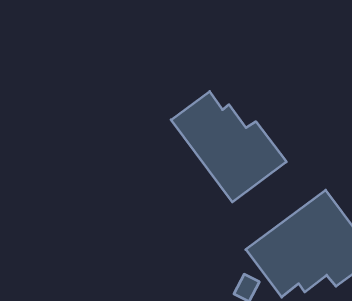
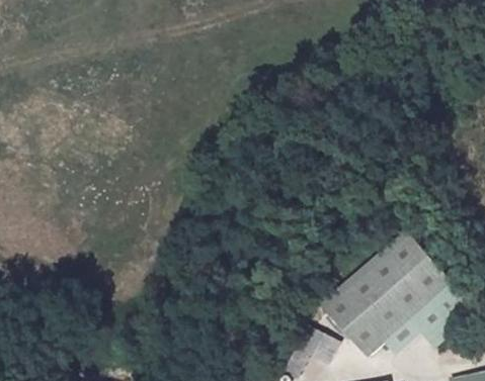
building: [171,91,286,202] -> none

